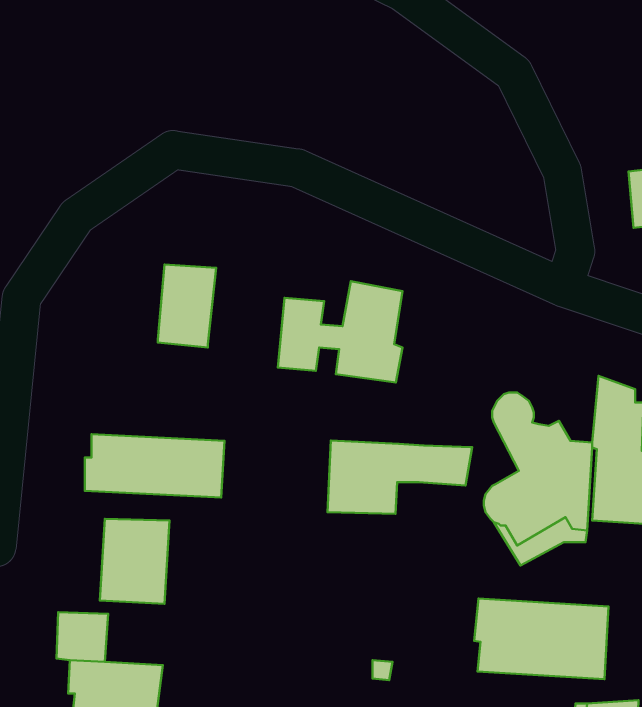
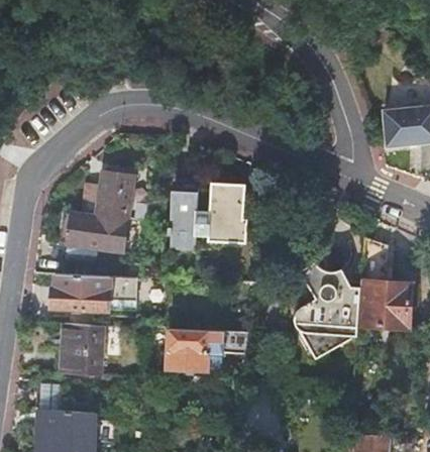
building: none -> [66,214,126,249]
building: [327,441,472,514] -> [167,329,254,373]
building: [474,598,608,679] -> none

